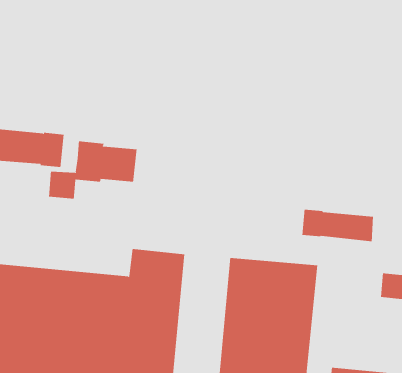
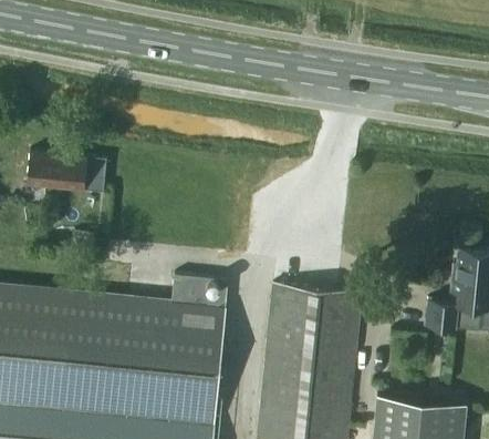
building: [48,141,137,200] -> none
building: [302,209,373,242] -> none

